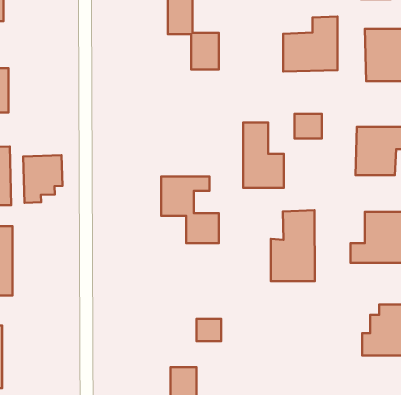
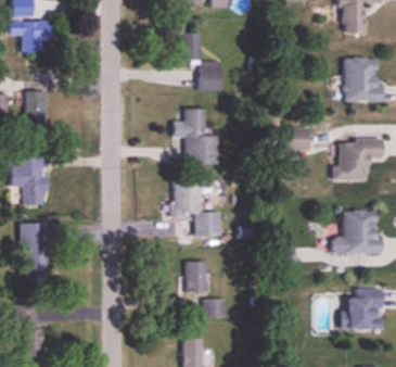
building: [283,16,338,71] -> none
building: [243,123,284,188] -> [183,110,217,164]
building: [23,155,62,203] -> none
building: [271,210,315,281] -> none
building: none -> [184,262,205,294]

